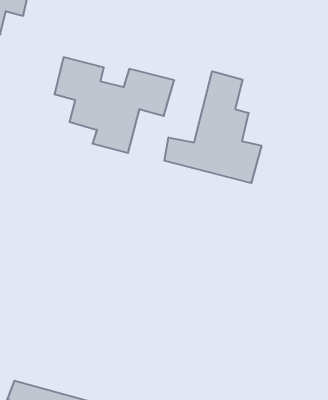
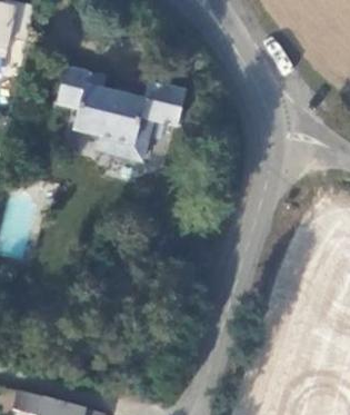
building: [164,71,261,183] -> none

